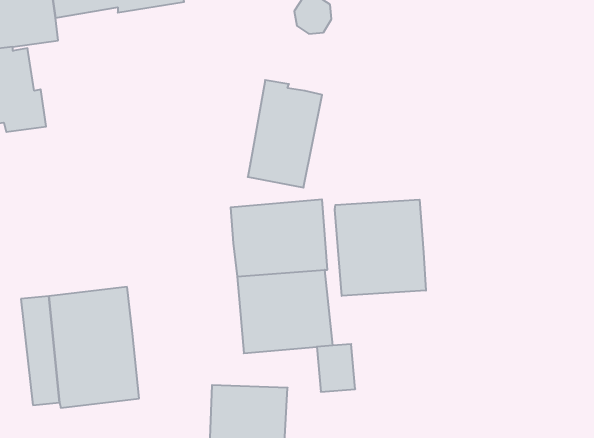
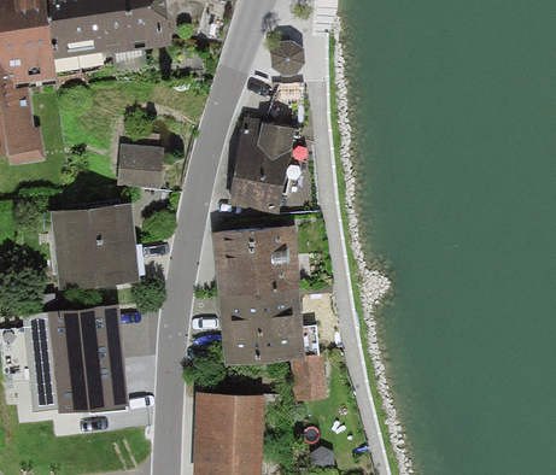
building: none -> [118,142,163,187]
building: none -> [49,205,140,291]
building: [335,200,426,296] -> none

